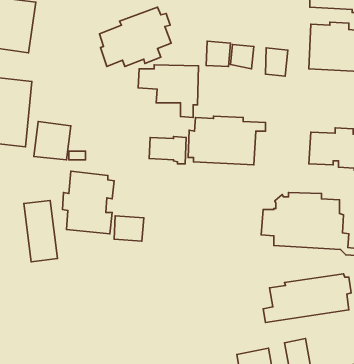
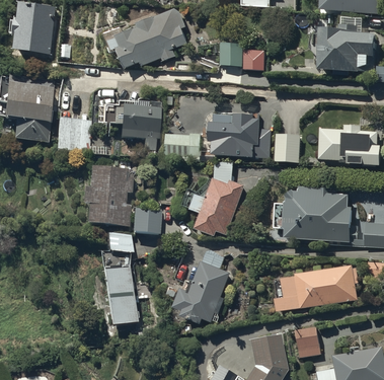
building: [266,48,288,76] -> none
building: [138,65,198,118] -> [101,101,159,152]
building: none -> [275,133,300,163]
building: none -> [189,178,243,235]
building: [24,200,58,262] -> [103,265,136,324]
building: none -> [107,234,131,251]
building: none -> [173,250,229,323]

